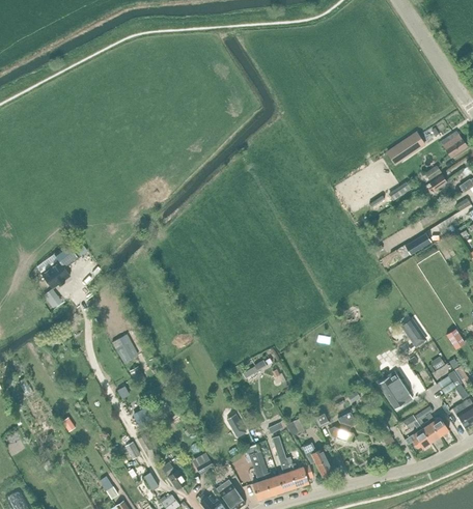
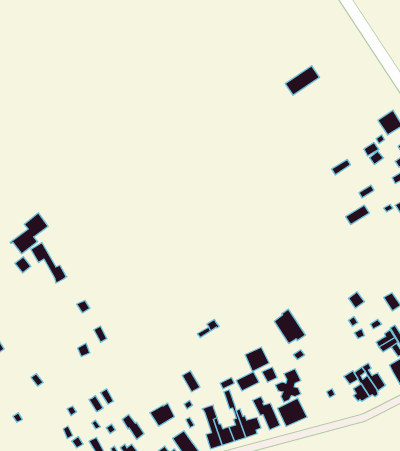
building: [387,133,424,165] -> [285,66,320,95]
building: none -> [31,243,67,283]
building: [379,371,413,408] -> [274,309,306,343]
building: none -> [245,347,269,371]
building: none -> [278,398,307,427]

